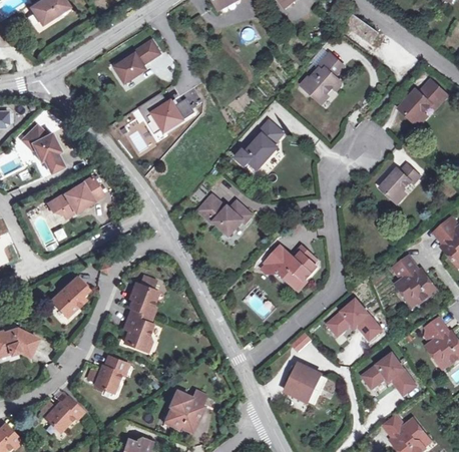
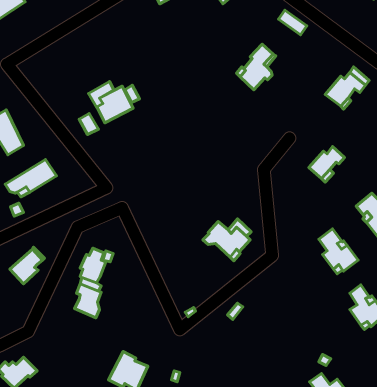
building: [113,42,159,84] -> none
building: [236,121,283,171] -> none
building: [198,195,253,236] -> none
building: [326,299,380,339] -> none
building: [362,354,415,395] -> none
building: [88,356,127,393] -> none
building: [285,364,321,403] -> none

